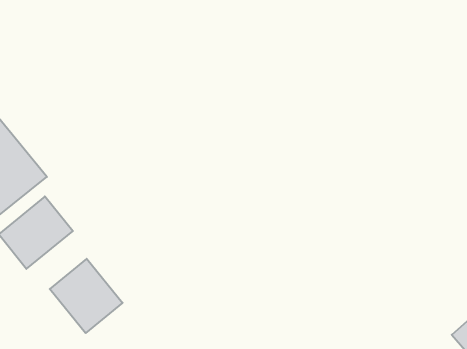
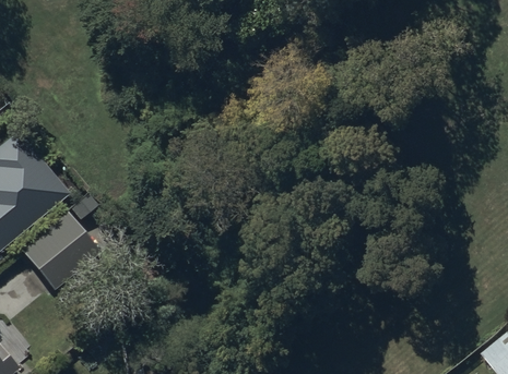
building: [50,259,123,333] -> none

